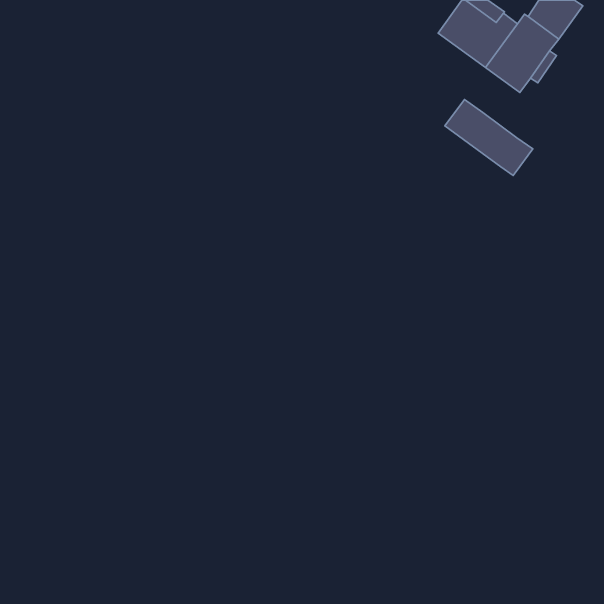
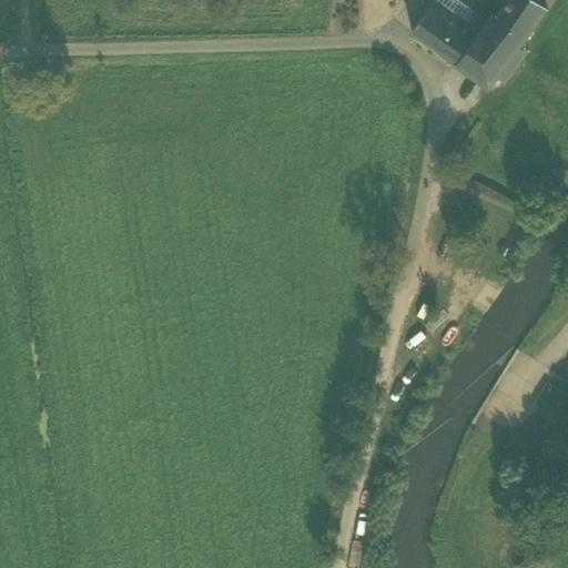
building: [445,99,533,176] -> none

